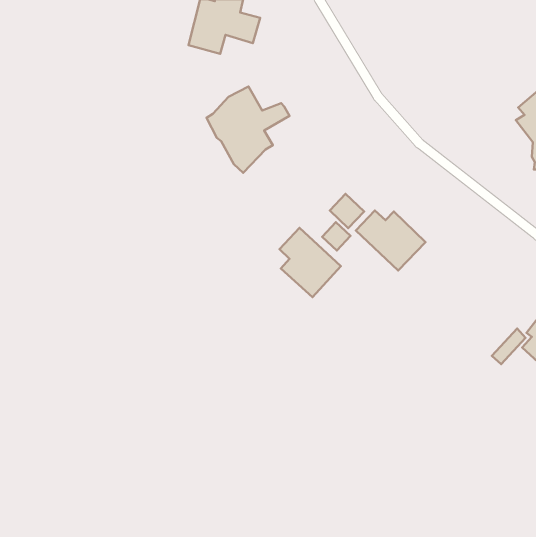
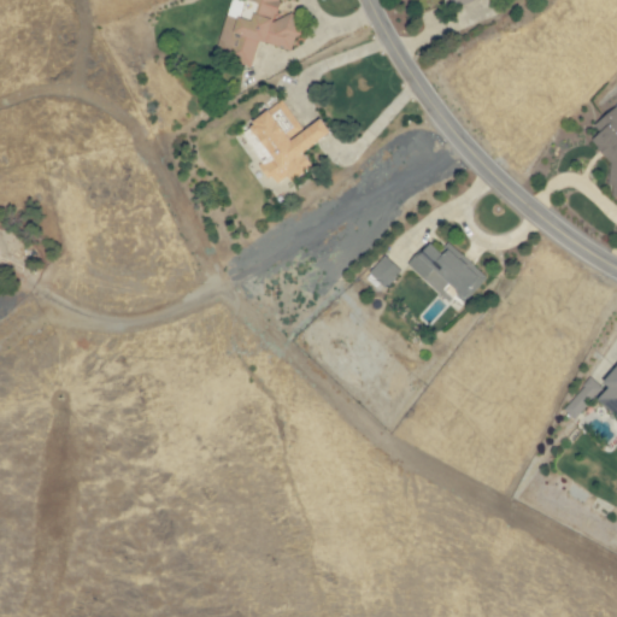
building: [330,194,364,228] -> none
building: [280,228,341,297] -> none

